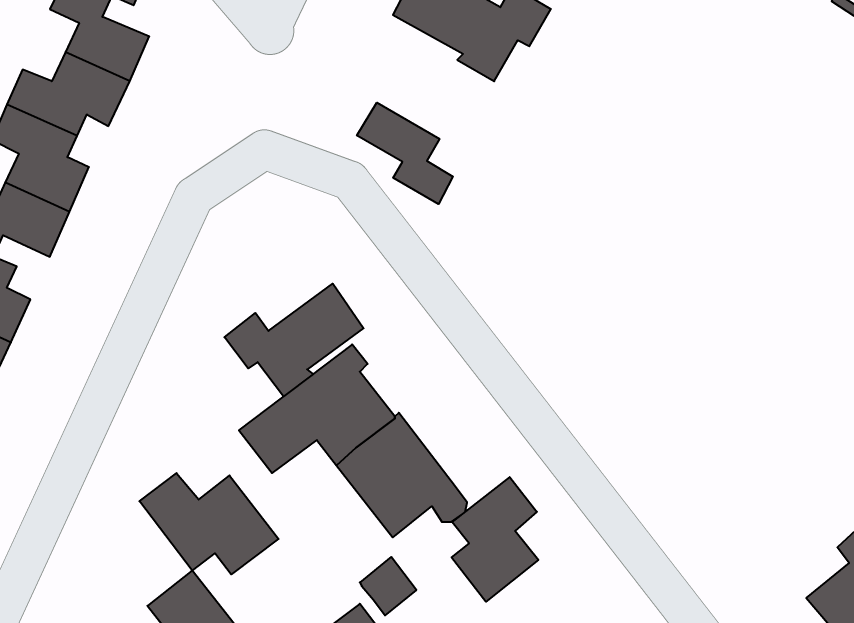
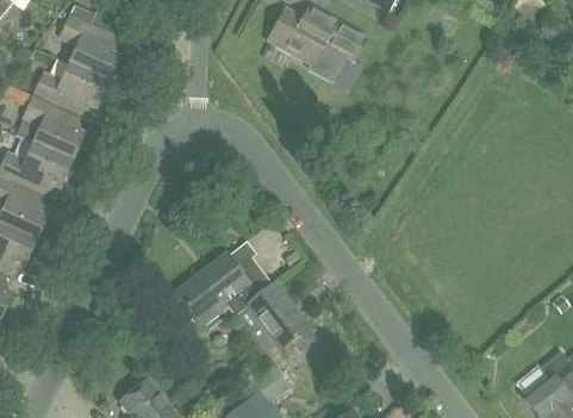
building: [357,103,453,204] -> none
building: [224,284,364,397] -> none
building: [139,473,279,574] -> none
building: [452,477,538,602] -> none

